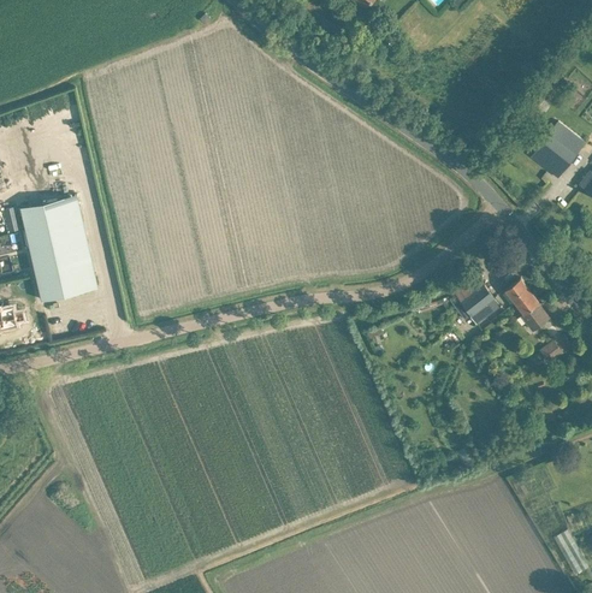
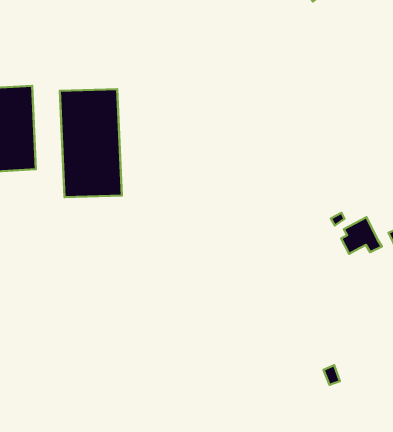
building: none -> [60,89,122,197]

